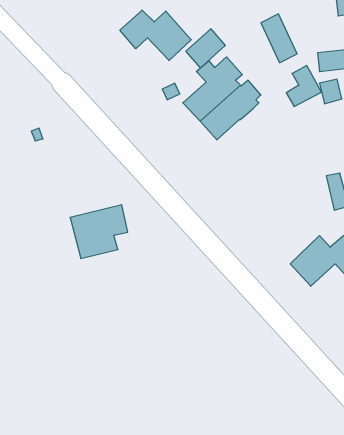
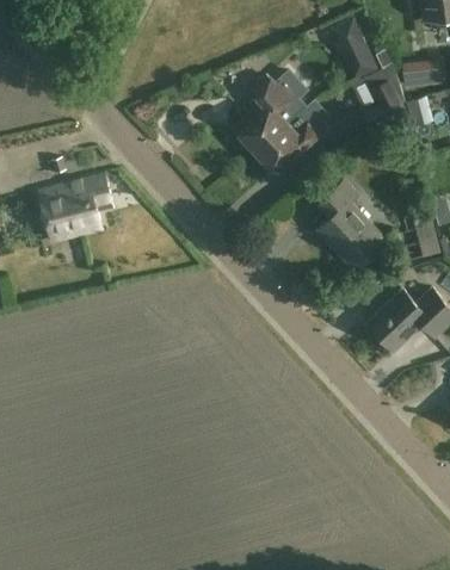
building: [120,10,191,61] -> none
building: [186,29,225,68] -> none
building: none -> [316,181,386,269]
building: [70,205,128,258] -> [43,174,113,240]

